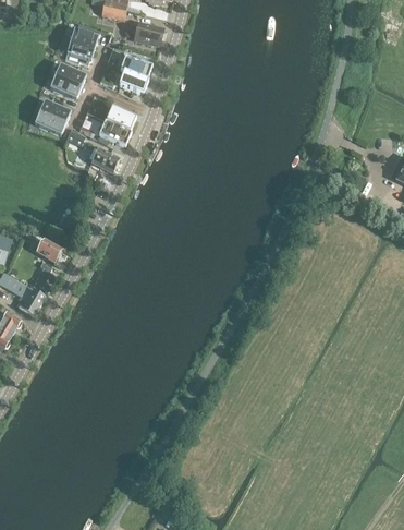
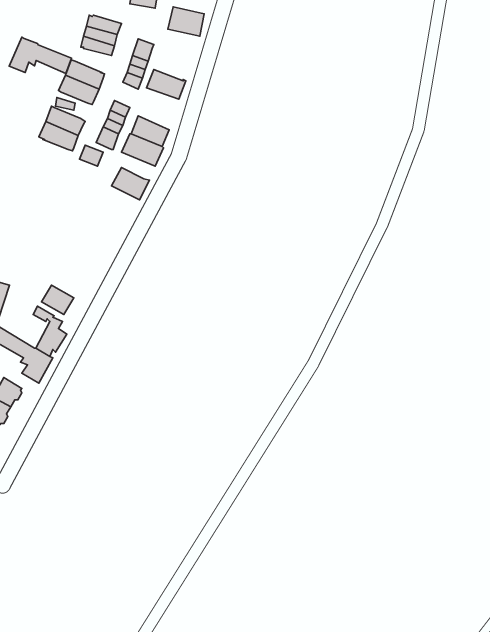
building: none -> [9,37,72,74]
building: [118,56,150,80] -> none

